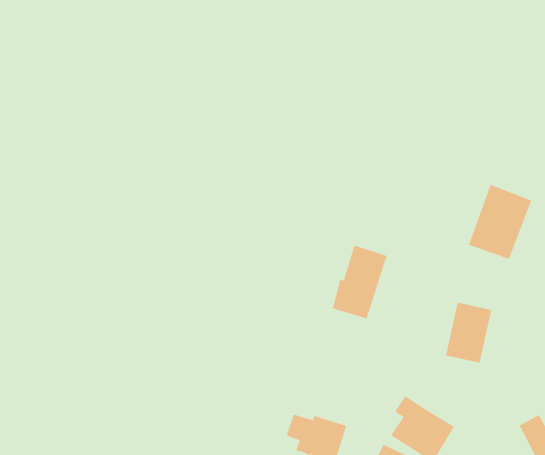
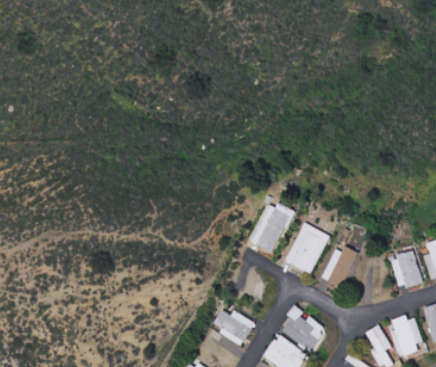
building: [468,184,532,260] -> [285,222,330,273]

